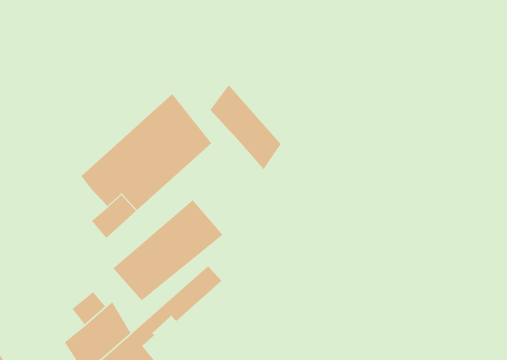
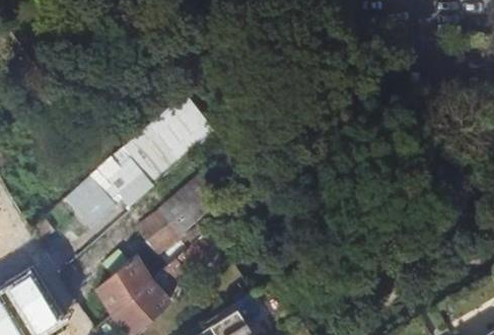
building: [209,84,282,170] -> none
building: none -> [63,159,116,231]

